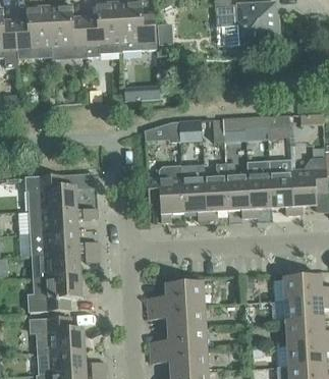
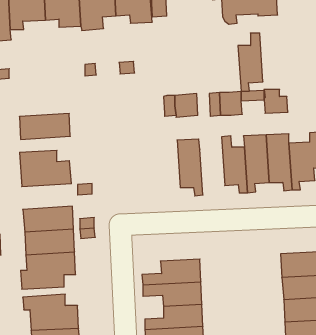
building: [203,162,227,219] -> [238,33,263,91]
building: [147,165,183,222] -> none
building: [28,208,77,233] -> [19,114,70,139]

